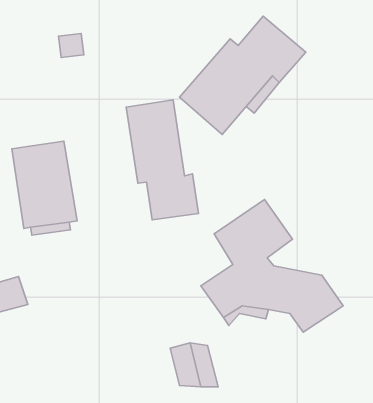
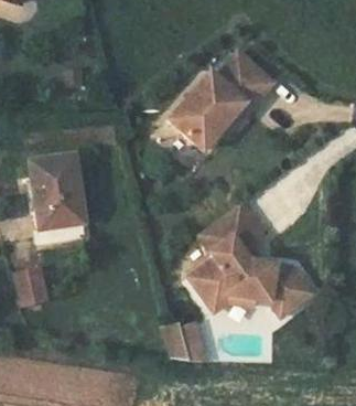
building: [126,100,198,220] -> none

